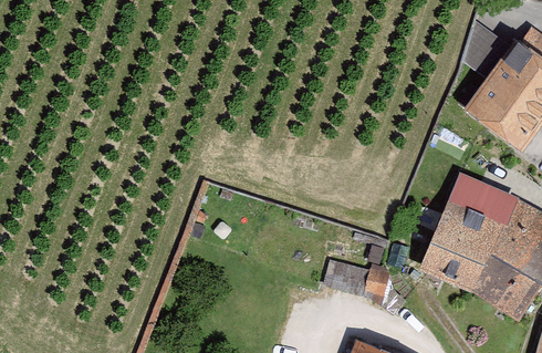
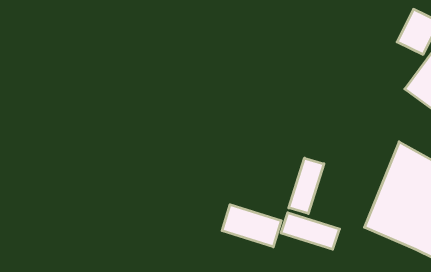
building: none -> [289,158,324,214]
building: none -> [222,205,281,247]

